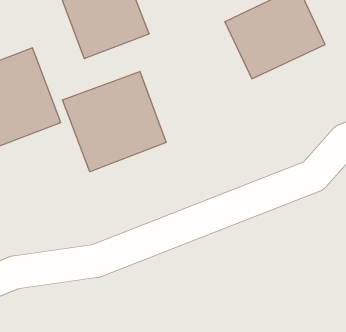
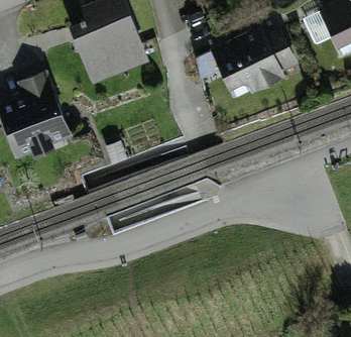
building: [62,71,166,172] -> none

